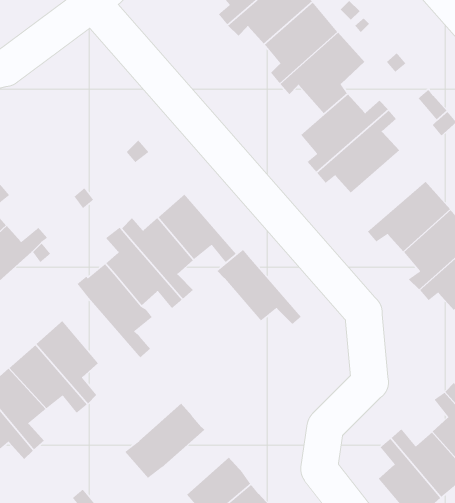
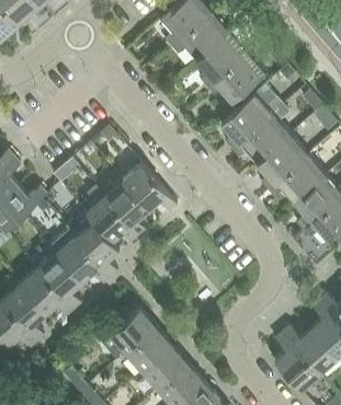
building: none -> [257,134,308,189]
building: [216,249,302,325] -> [52,230,111,282]
building: none -> [126,326,172,371]

